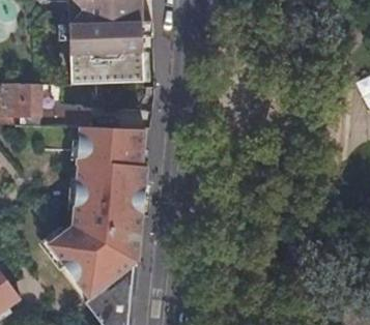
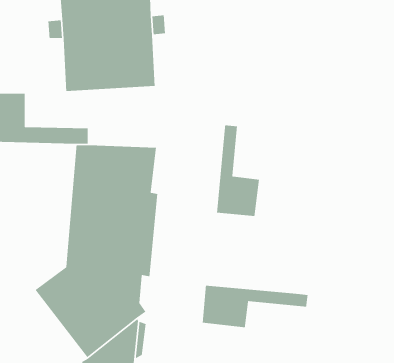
building: none -> [216,124,260,217]
building: none -> [202,285,309,328]

